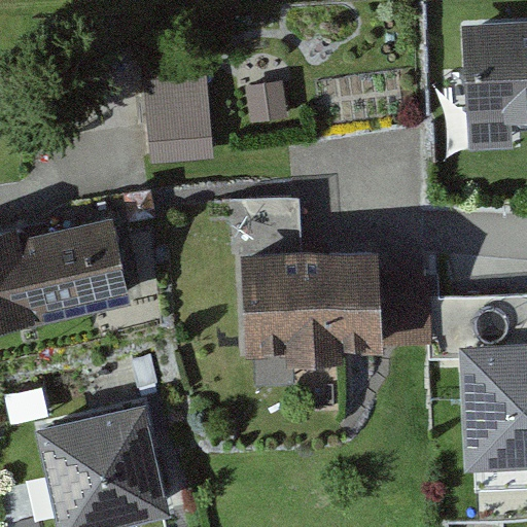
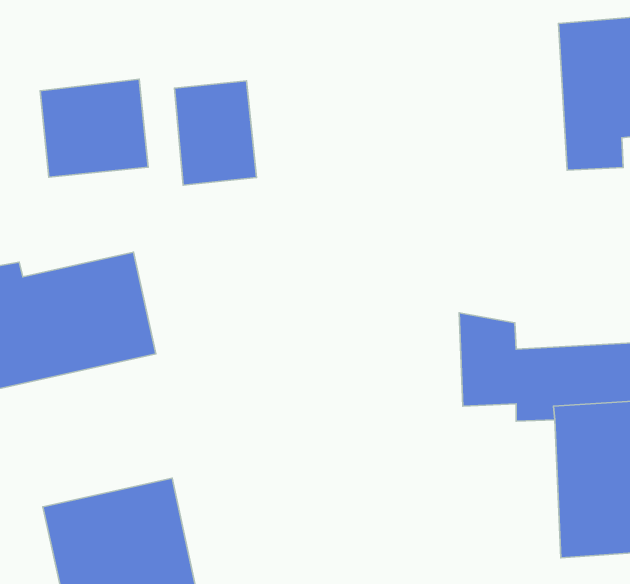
building: none -> [40,79,148,177]
building: [232,199,384,359] -> none

